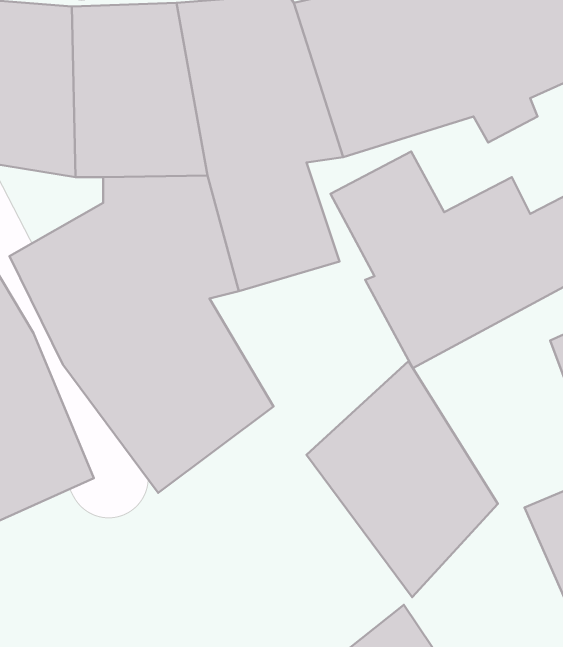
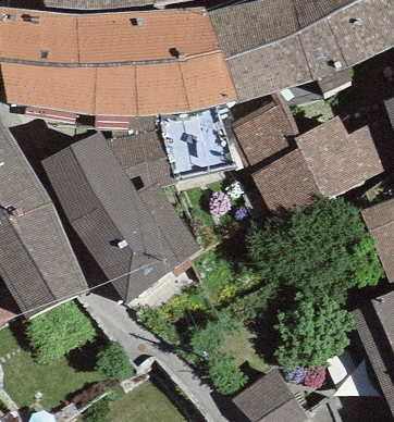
building: [307,361,498,597] -> none

